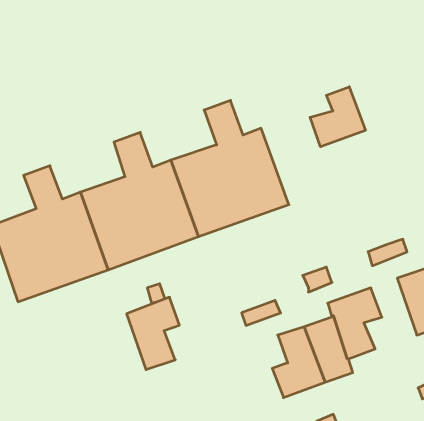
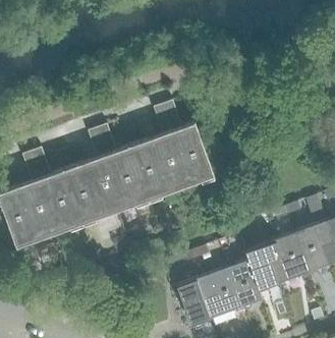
building: [310,87,365,147] -> none
building: none -> [271,231,310,283]
building: [127,297,179,370] -> [176,273,215,326]

